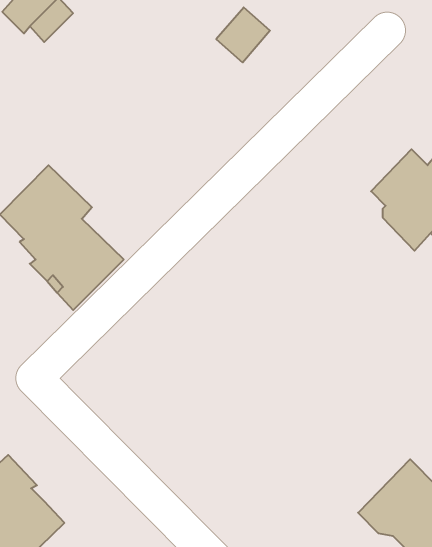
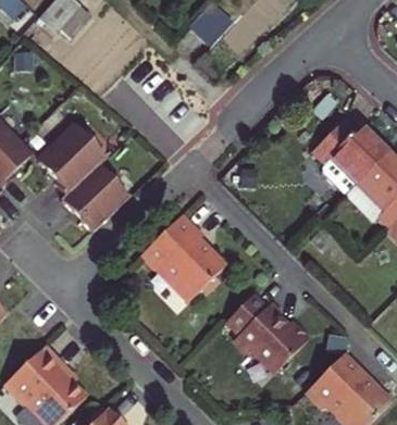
building: none -> [141,209,225,298]
building: none -> [227,287,311,365]

